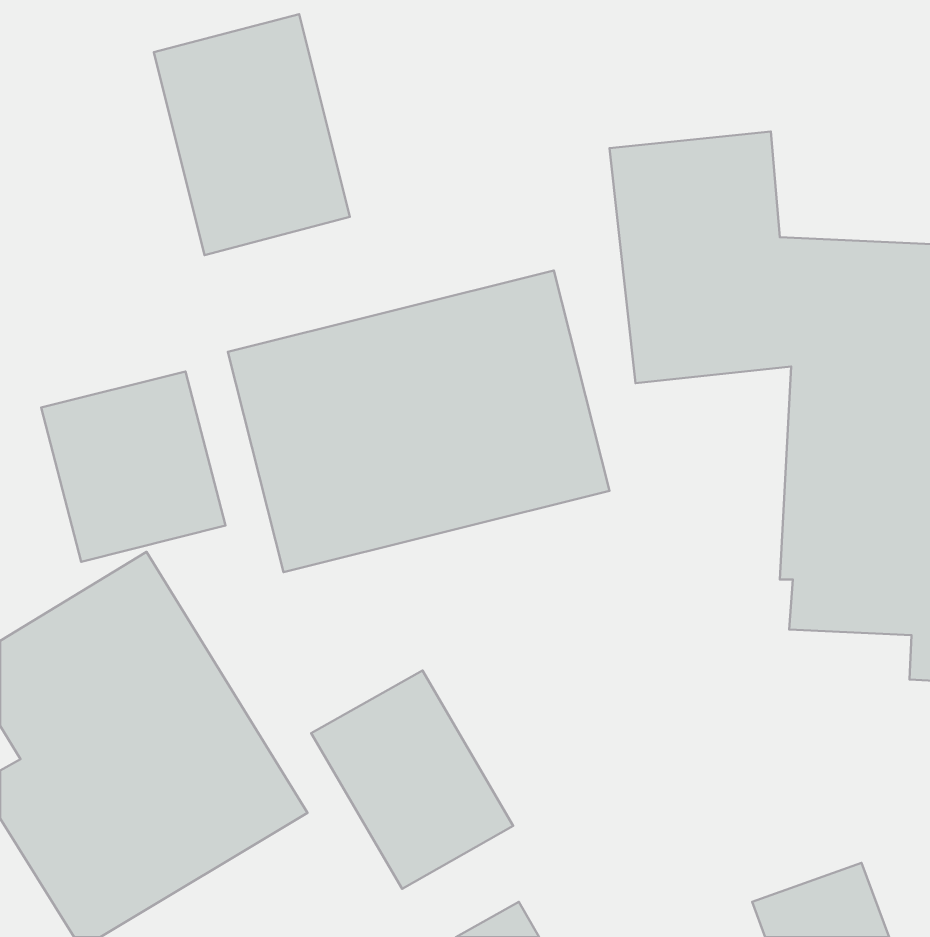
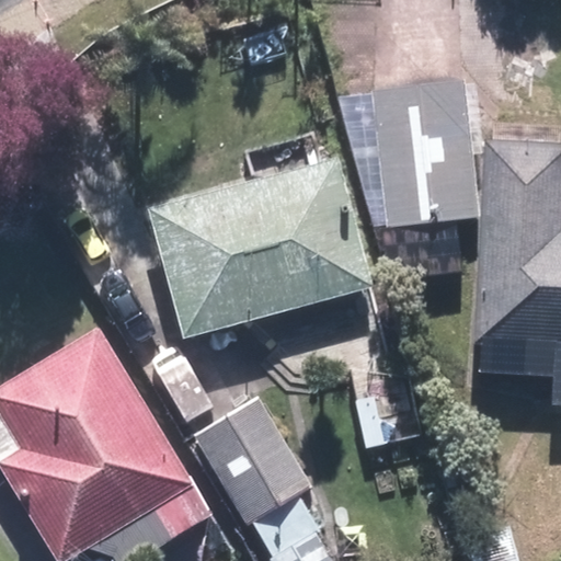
building: [154,14,350,255] -> none
building: [41,371,225,562] -> none

